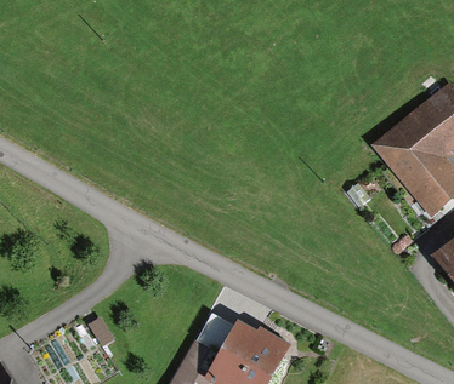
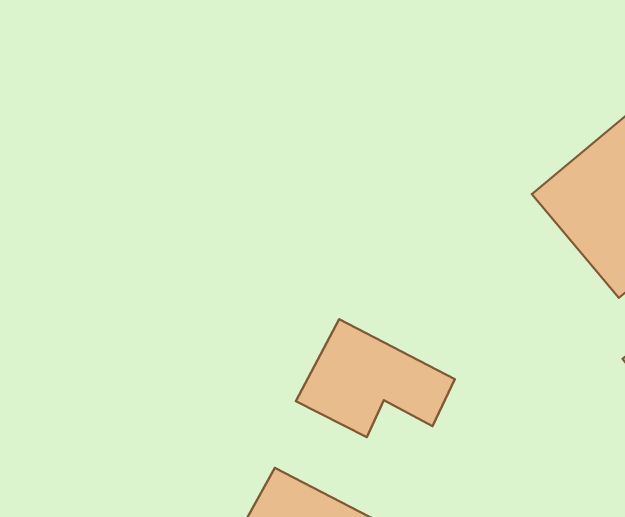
building: none -> [296,319,455,437]

